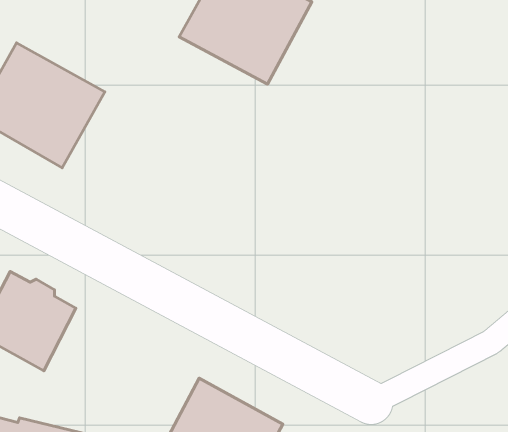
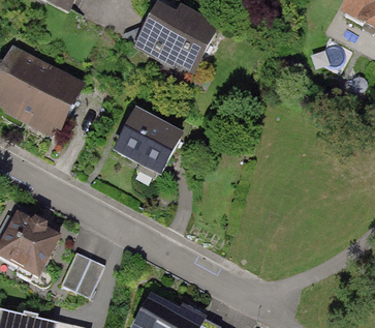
building: none -> [105,102,194,187]
building: none -> [58,247,102,294]

